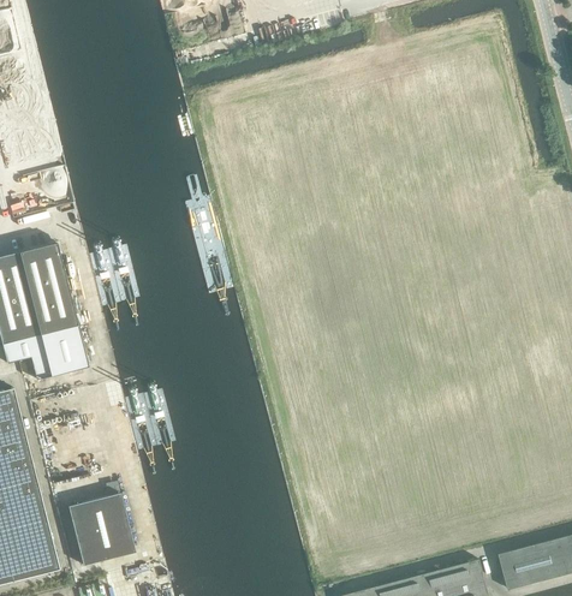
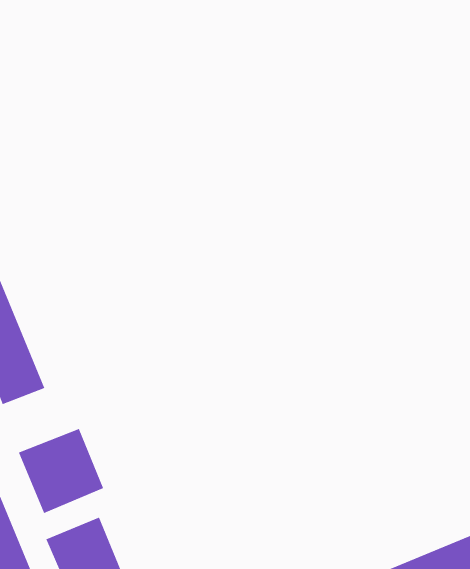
building: none -> [18,428,104,514]

